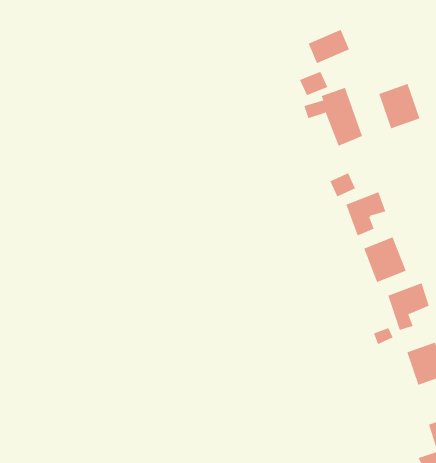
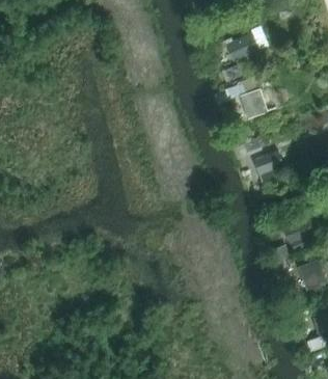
building: [378,83,420,129] -> none
building: [363,237,406,283] -> none

